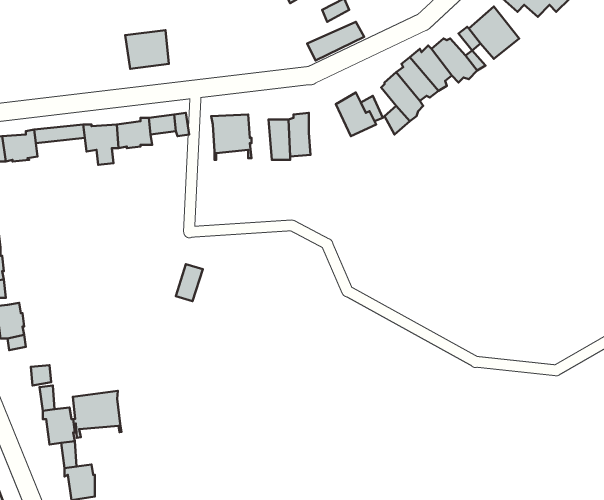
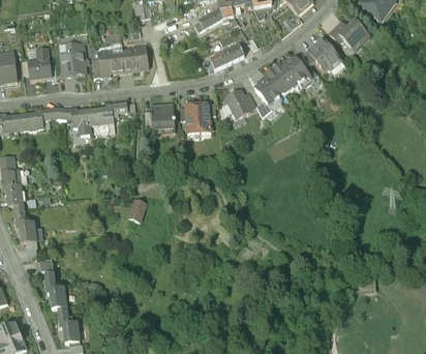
building: none -> [60,46,85,77]
building: none -> [121,46,149,69]
building: none -> [26,50,50,80]
building: [73,391,122,438] -> none

